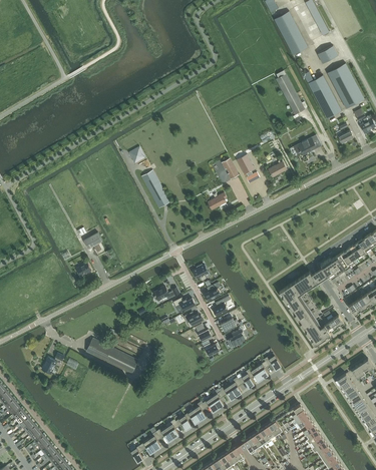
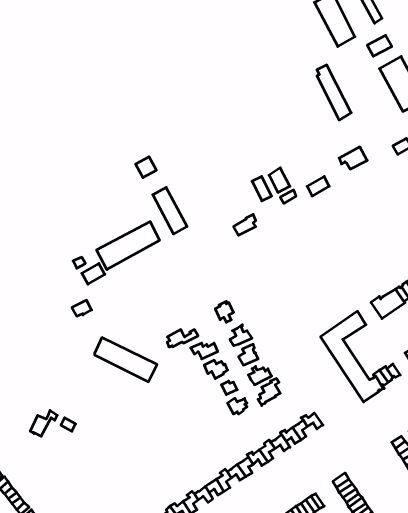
building: [303,70,341,118] -> none
building: none -> [97,222,159,270]
building: [86,337,137,373] -> [95,338,157,382]

